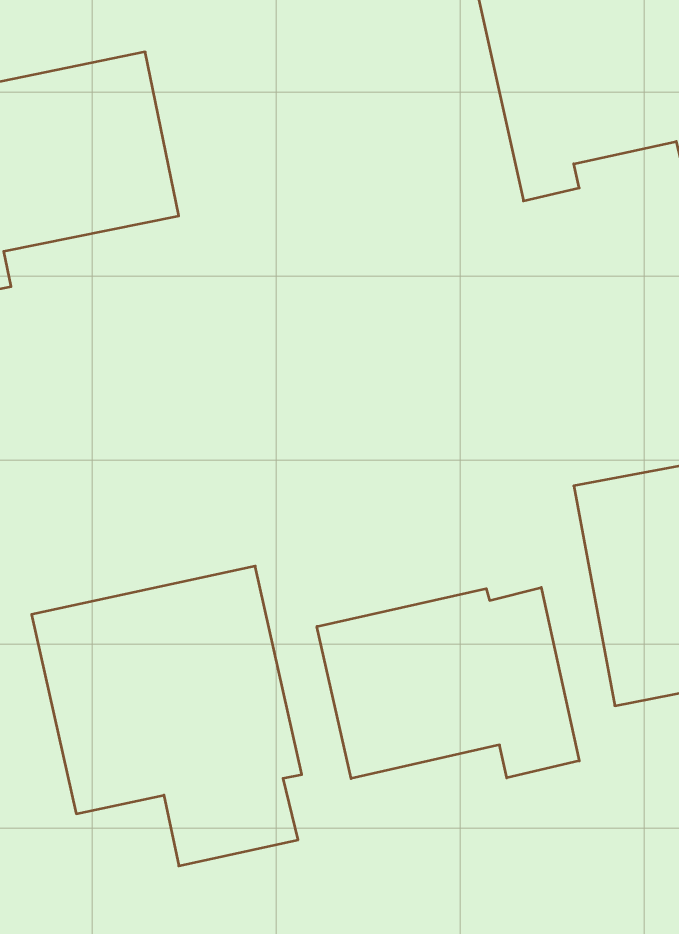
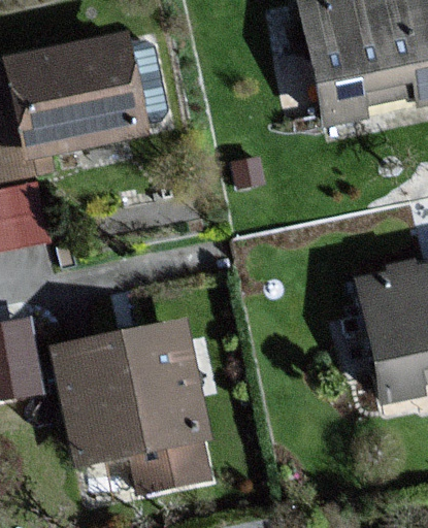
building: [317,587,579,779] -> none

